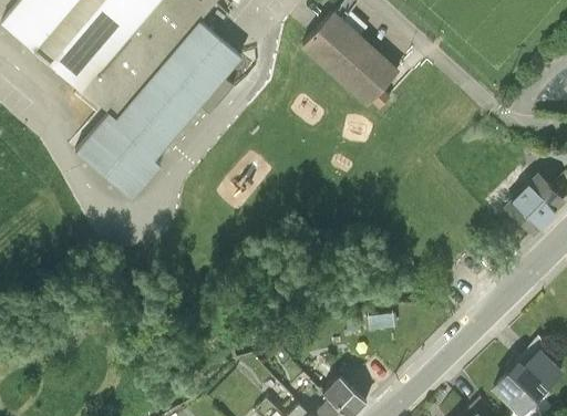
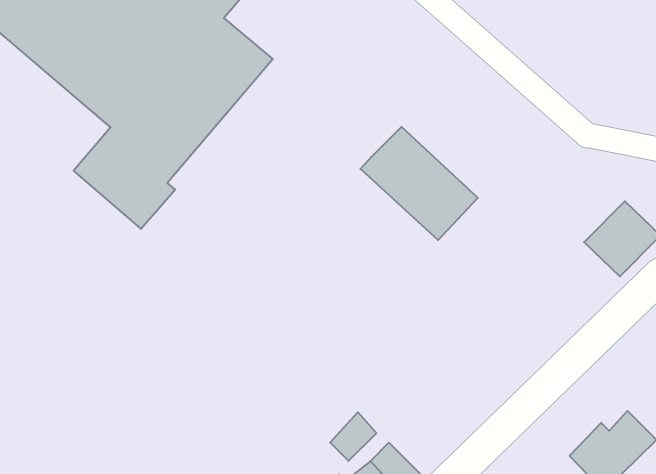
building: [300,13,399,108] -> [360,127,478,240]
building: none -> [330,412,376,461]

